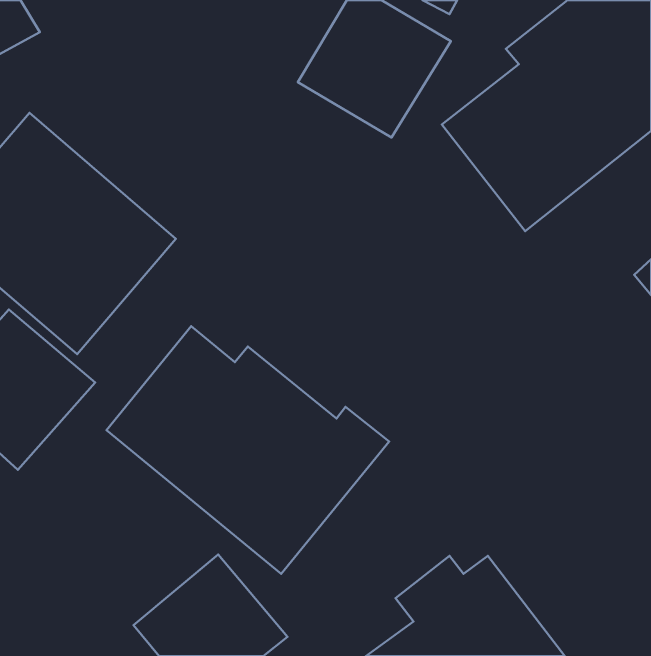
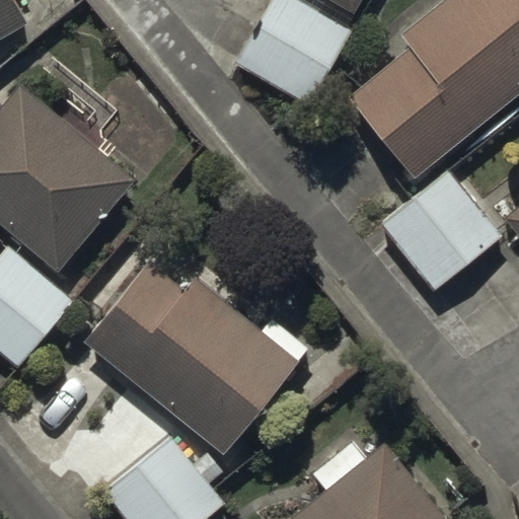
building: none -> [374,170,502,297]

